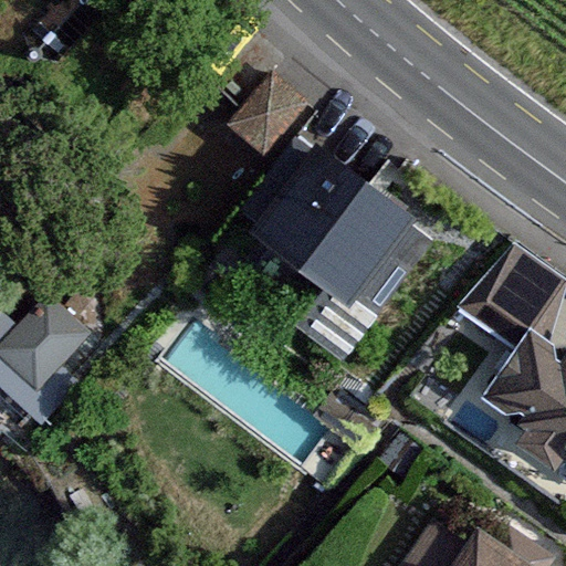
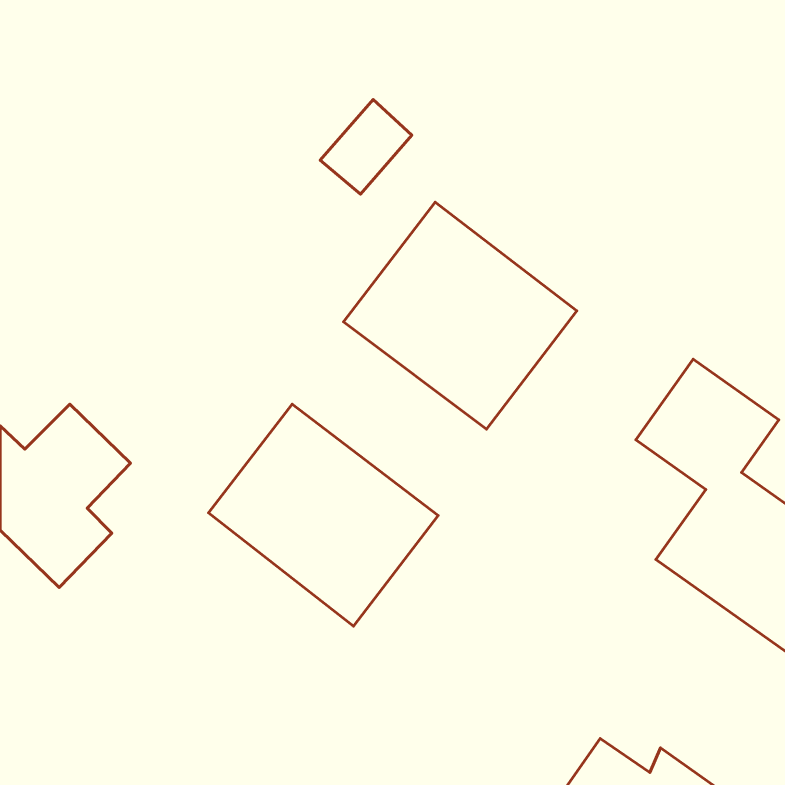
building: none -> [209,404,438,626]

